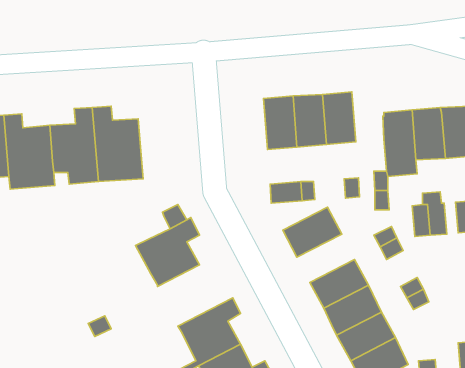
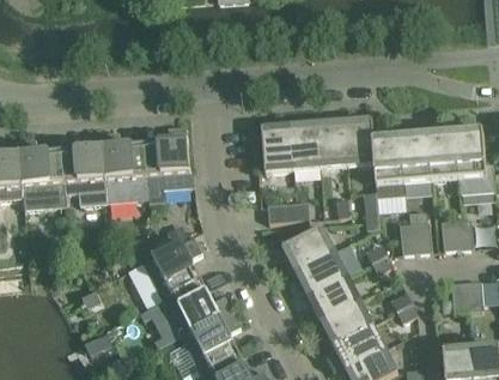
building: none -> [343,116,373,165]
building: none -> [144,126,195,204]
building: none -> [292,243,361,297]
building: none -> [139,281,232,350]

